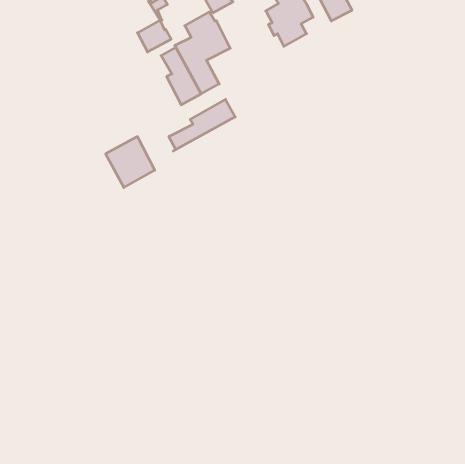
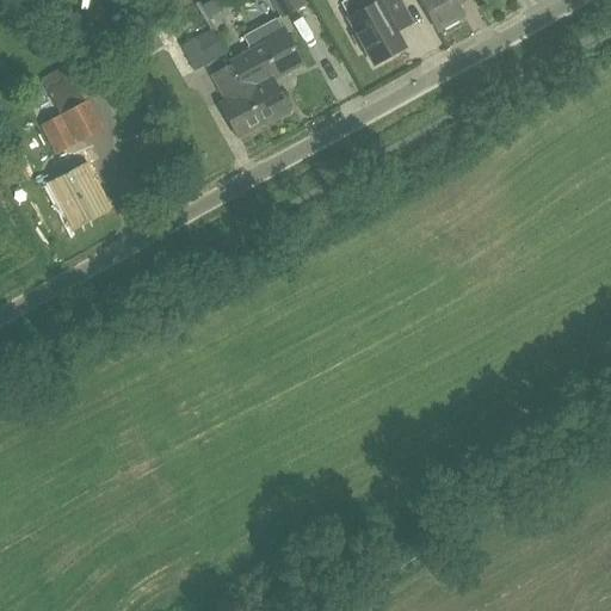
building: none -> [41,72,104,152]
building: [169,99,235,151] -> none
building: [106,137,155,188] -> [47,160,111,227]

